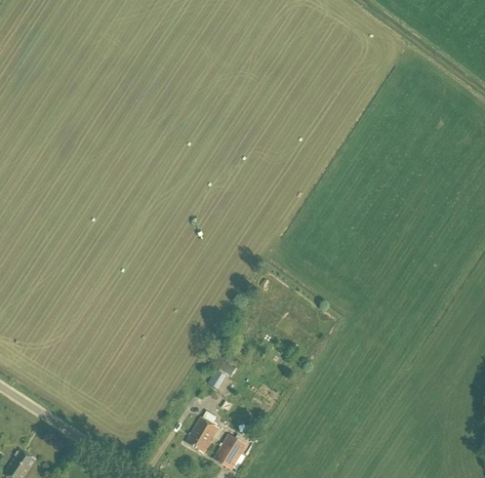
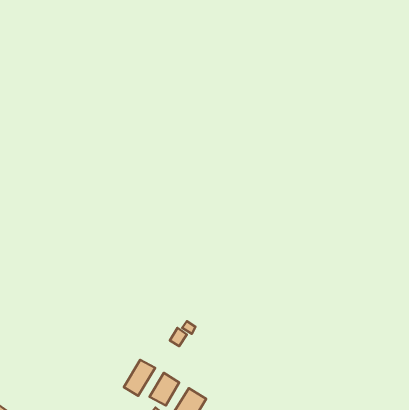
building: none -> [124,360,155,396]

